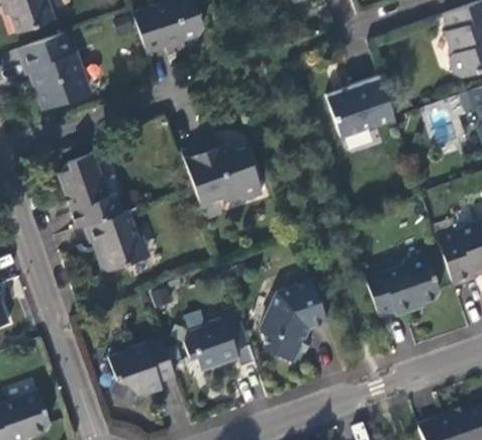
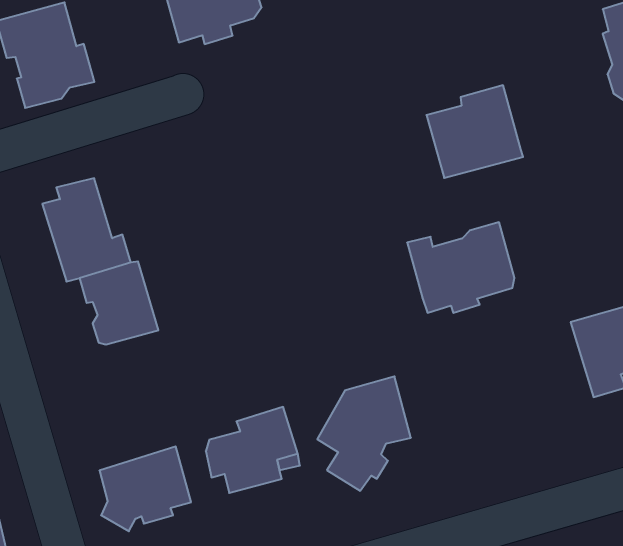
building: [181,140,264,204] -> none
building: [362,252,439,319] -> [407,222,514,313]

